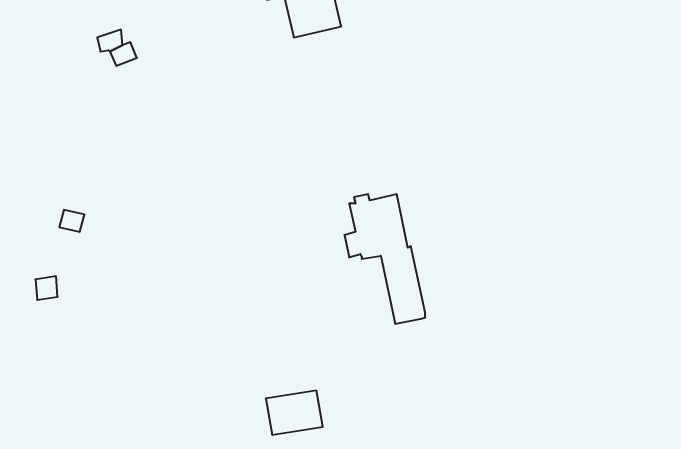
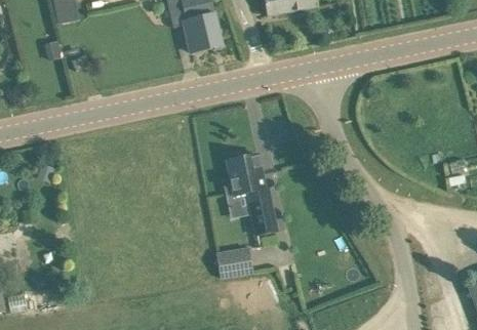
building: [266,391,323,435] -> [217,249,254,278]

